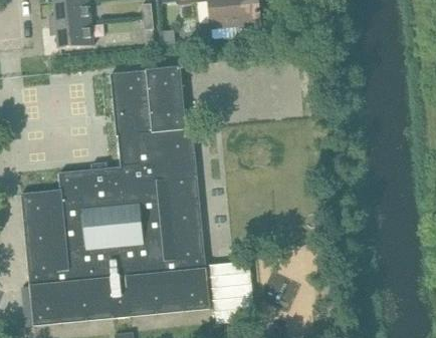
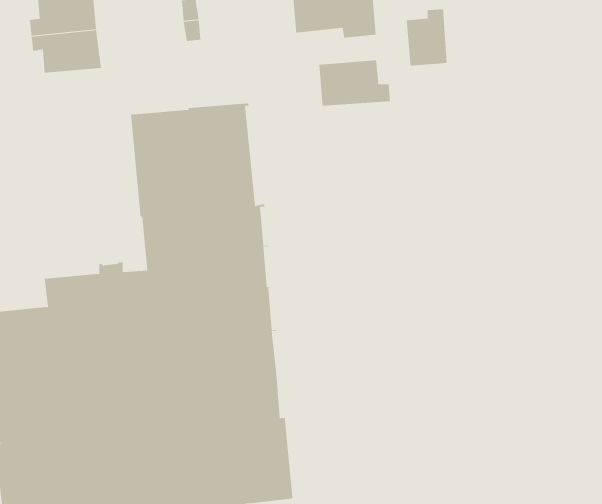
building: none -> [406,8,447,66]
building: none -> [319,59,390,107]

